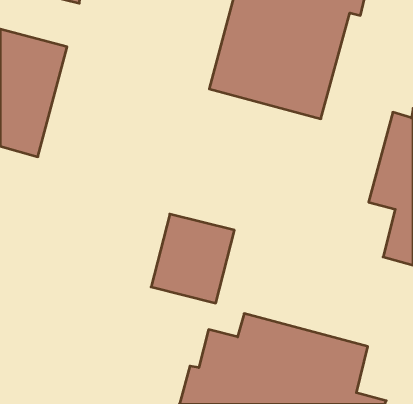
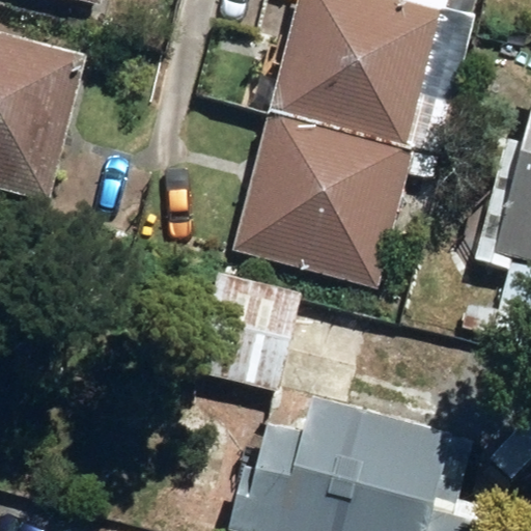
building: none -> [232,114,412,286]

